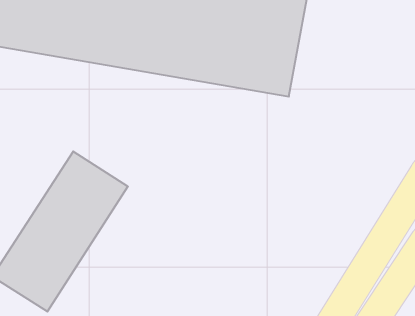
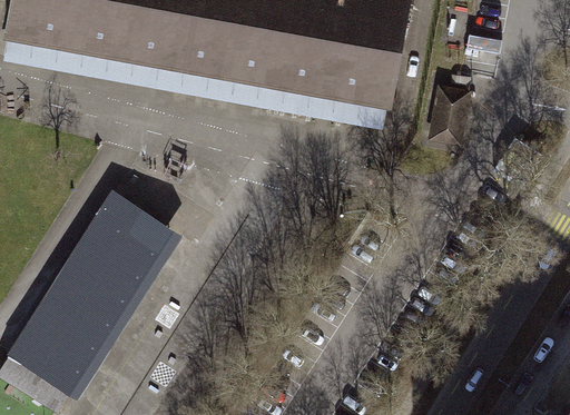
building: none -> [429,82,473,146]

